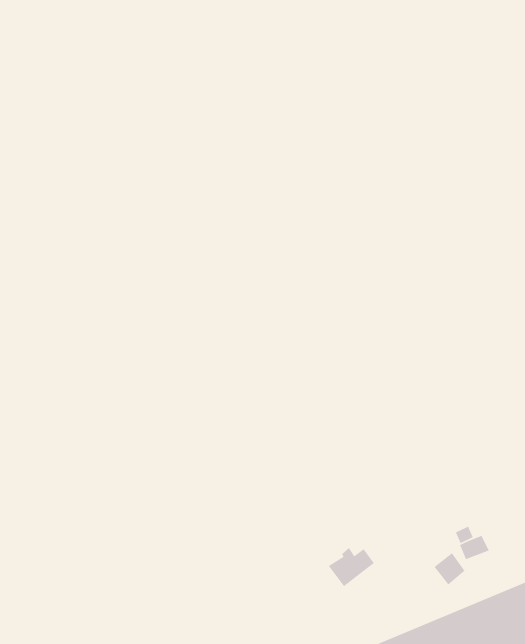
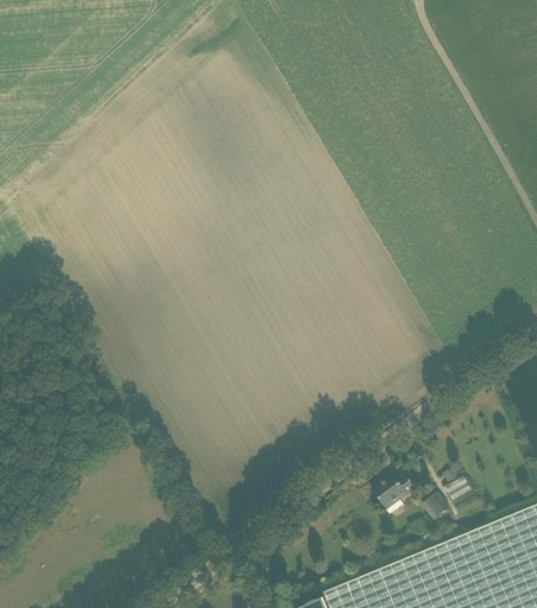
building: [328,547,375,587] -> [372,475,413,511]

